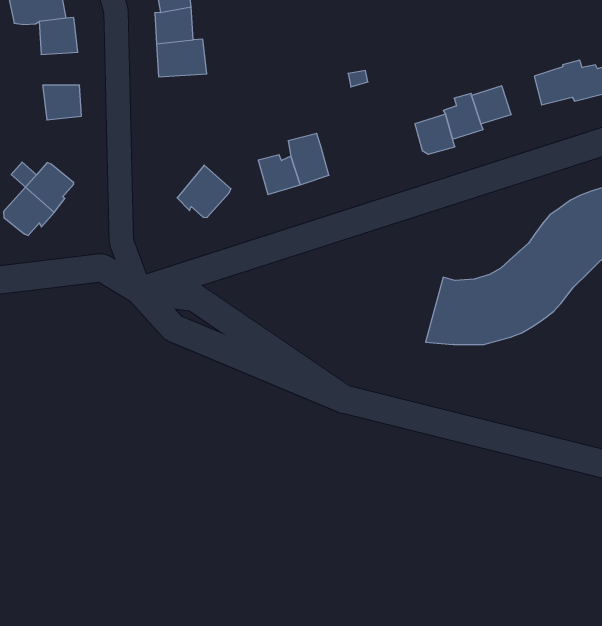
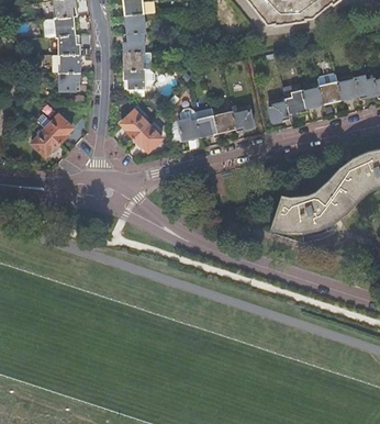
building: none -> [53,54,79,72]
building: none -> [316,71,340,103]
building: none -> [124,70,155,88]
building: none -> [214,110,253,132]
building: none -> [120,110,147,140]

